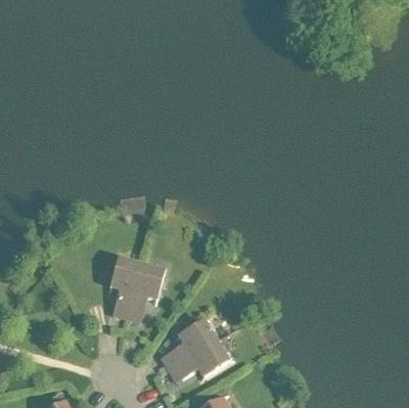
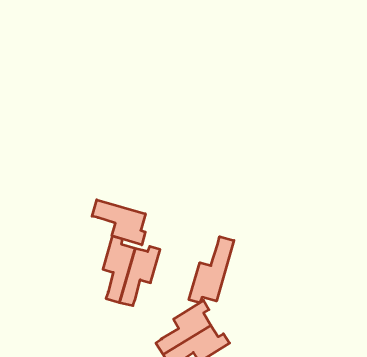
building: none -> [92,200,145,245]
building: none -> [189,237,234,303]

